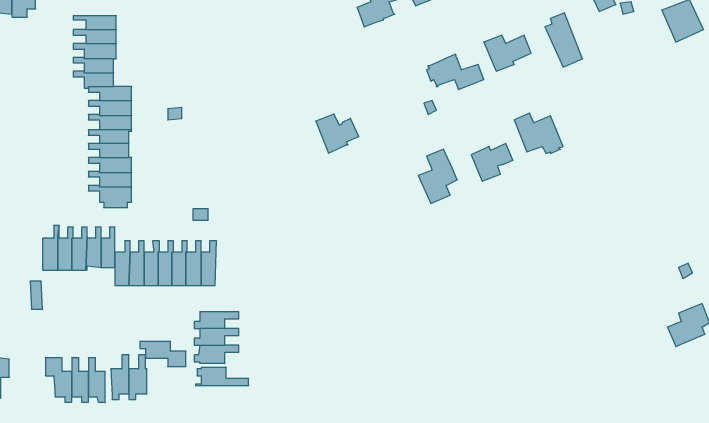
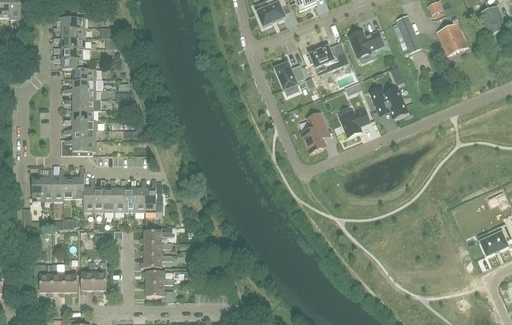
building: none -> [436,22,467,55]
building: [316,114,359,153] -> [274,62,305,90]
building: [140,342,186,367] -> [141,283,174,301]

